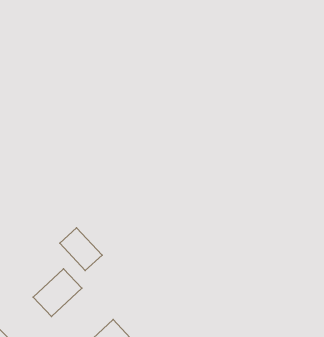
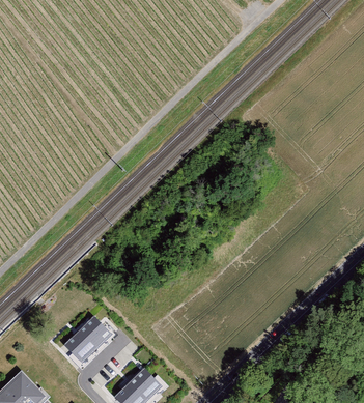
building: [60,228,102,271] -> none

